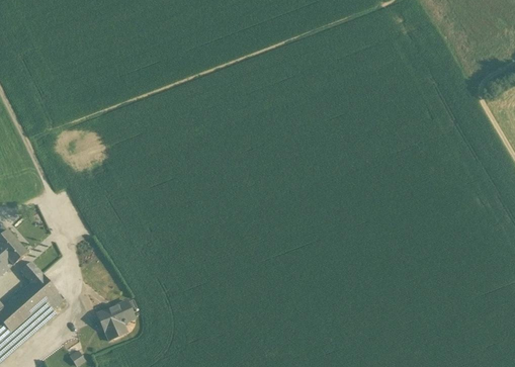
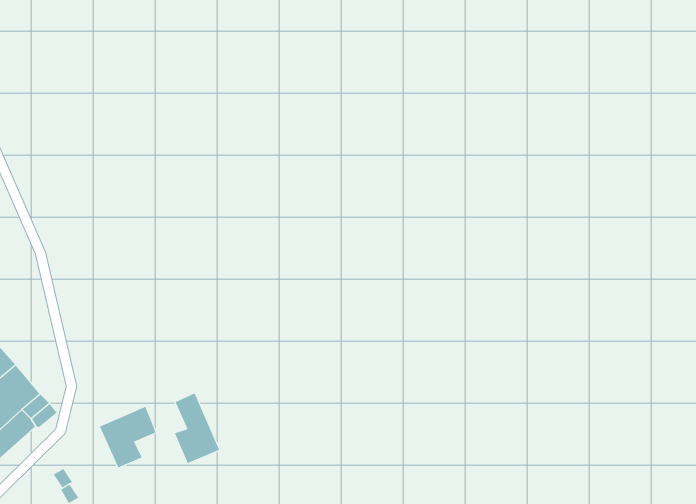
building: none -> [174,393,220,464]

